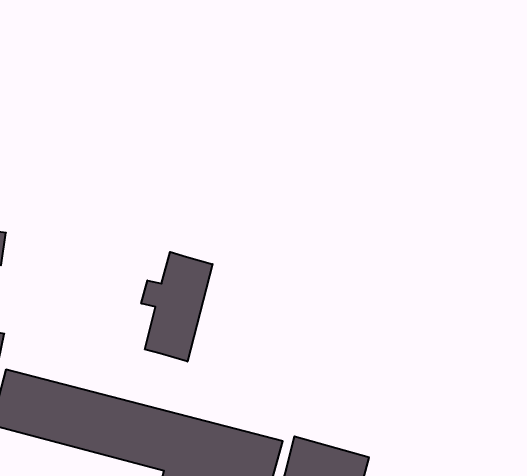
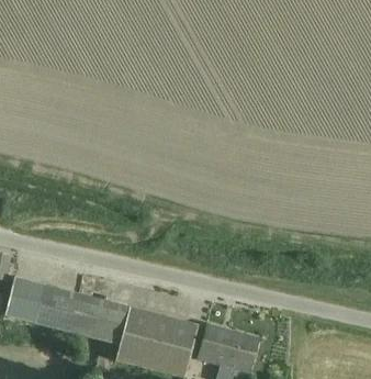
building: [141,252,213,362] -> none

